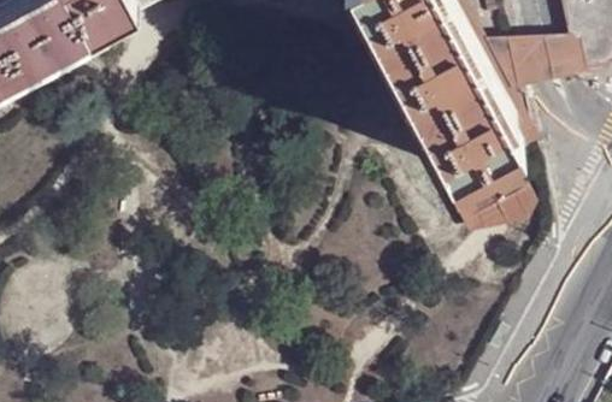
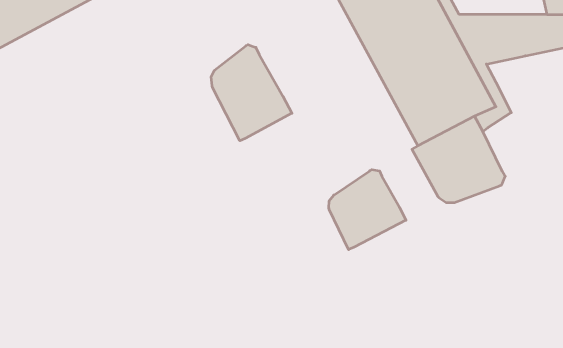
building: none -> [211,45,292,141]
building: none -> [329,170,406,250]

